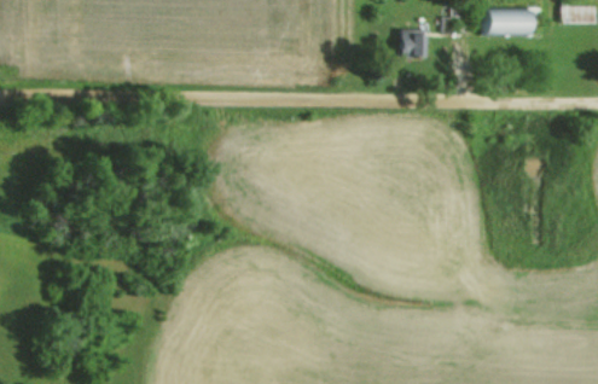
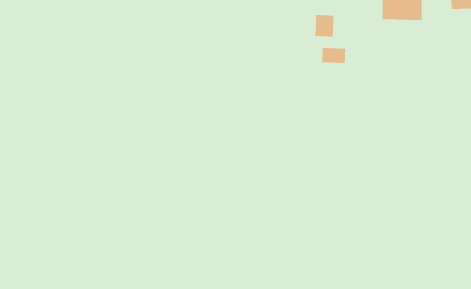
building: none -> [322,47,346,64]

